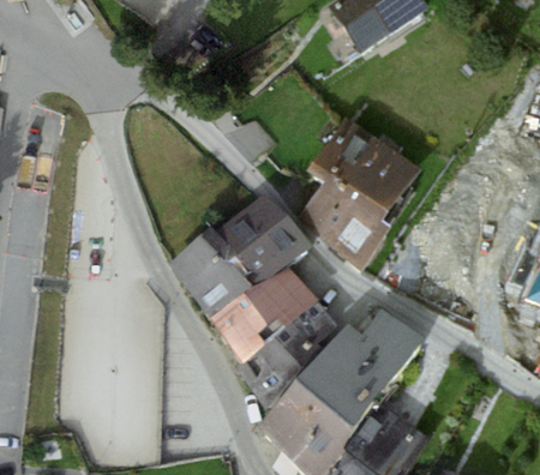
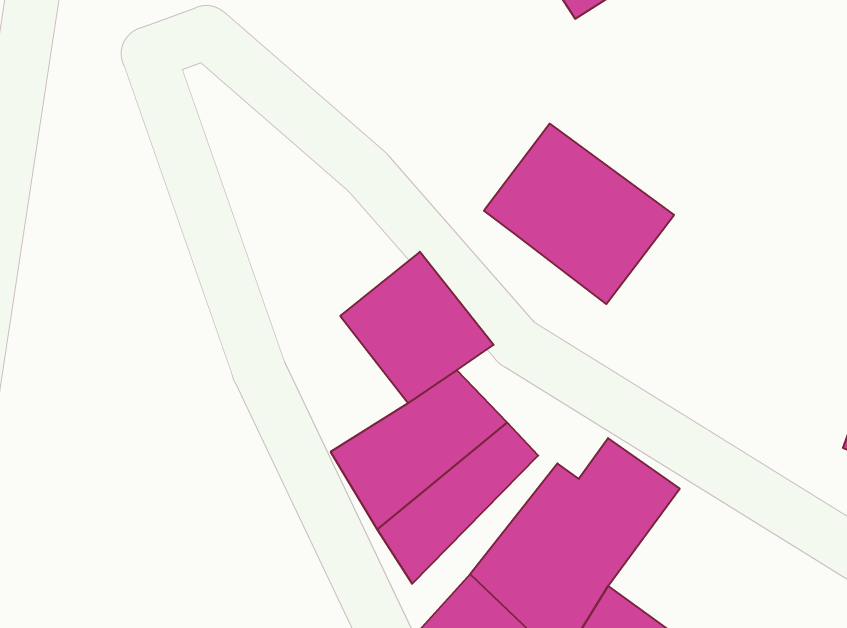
building: [298,186,389,269] -> none
building: [169,233,257,320] -> none

